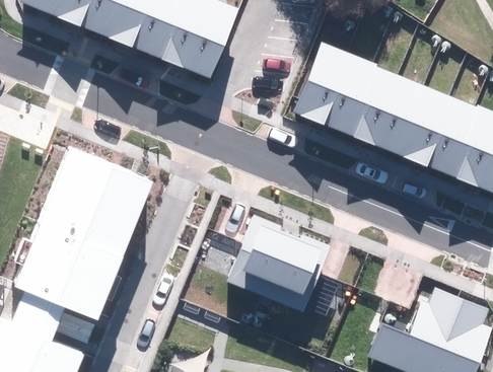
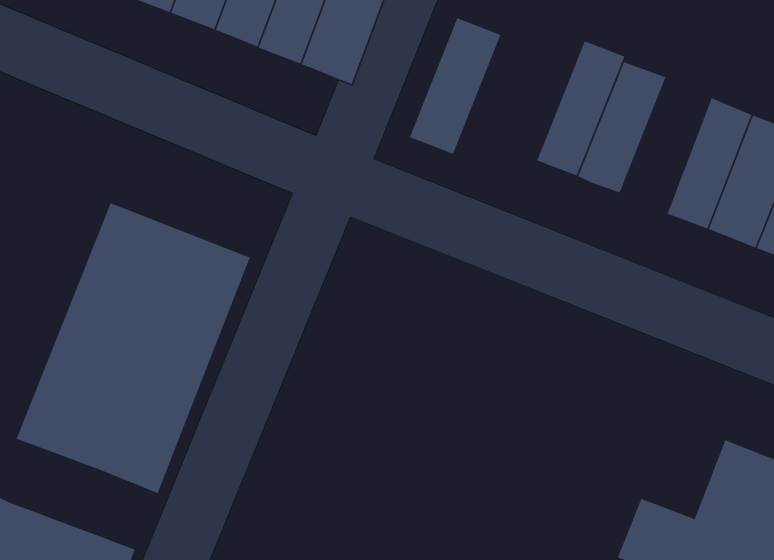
building: [294,43,349,124] -> [409,17,501,155]
building: [369,74,425,155] -> none
building: [228,216,331,311] -> none
building: [11,292,65,341] -> none

